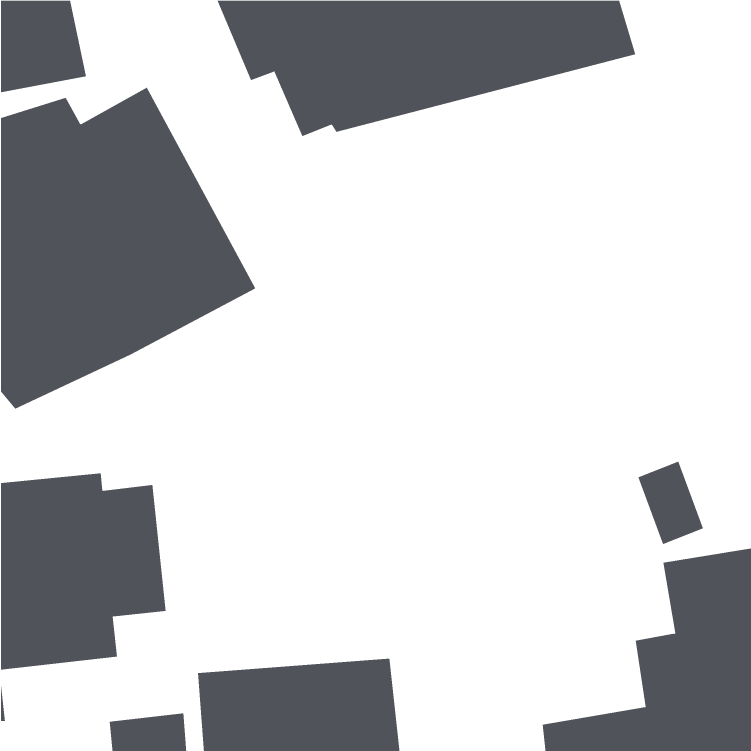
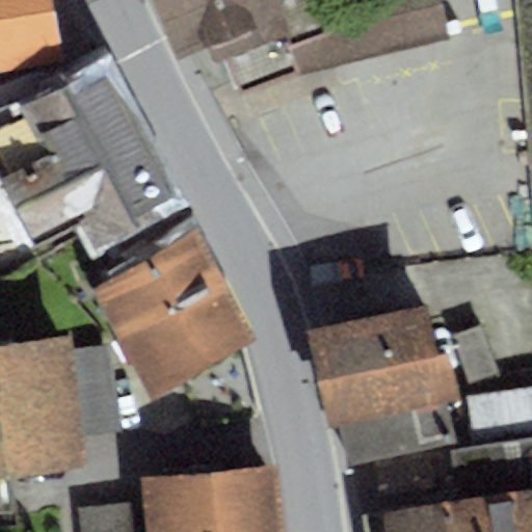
building: none -> [88,230,257,400]
building: none -> [305,303,457,468]

